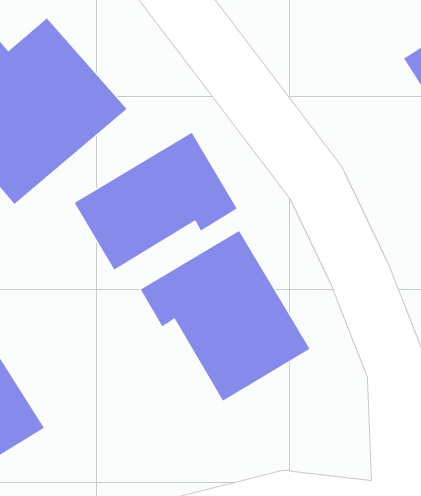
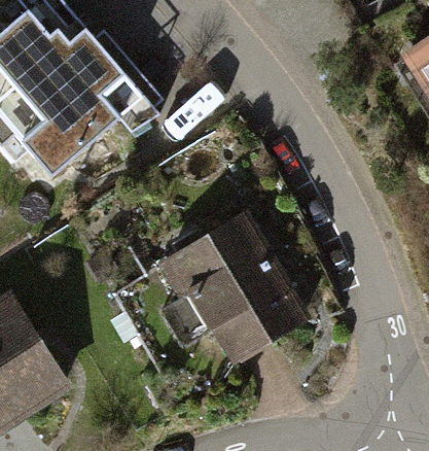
building: [74,132,238,270] -> none

